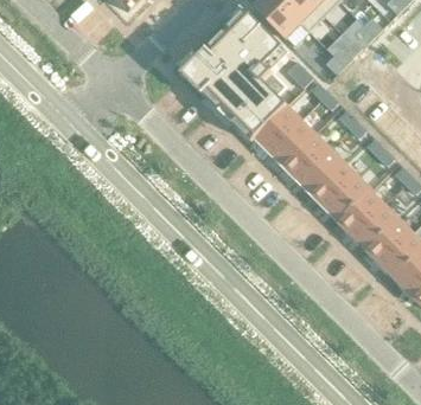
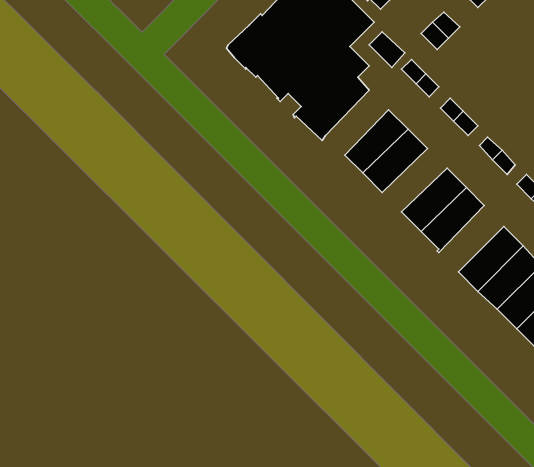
building: [254,103,300,150] -> none
building: [295,146,343,192] -> none
building: [337,187,384,236] -> none

